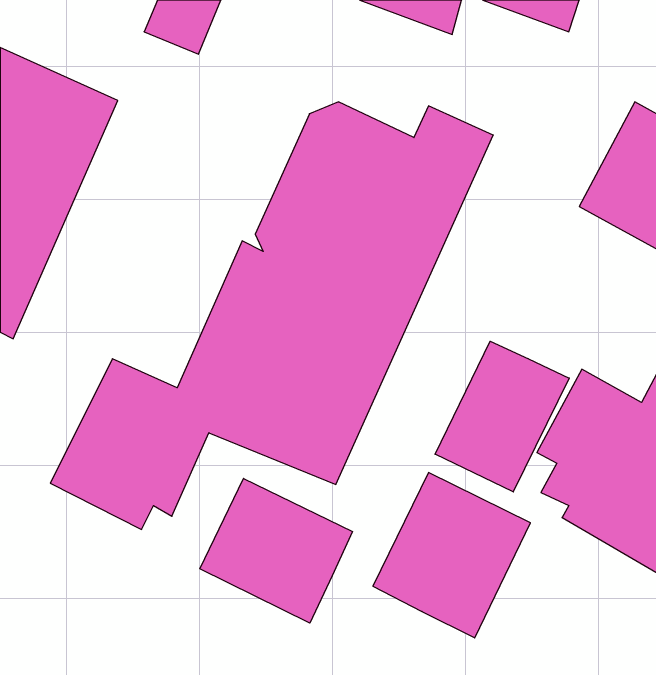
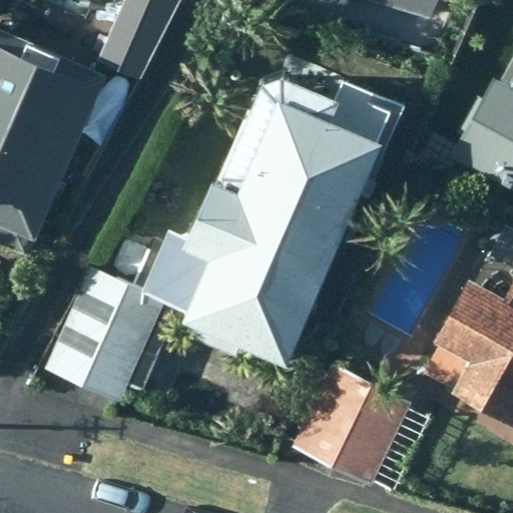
building: [435,341,569,492] -> none
building: [200,478,353,623] -> none

